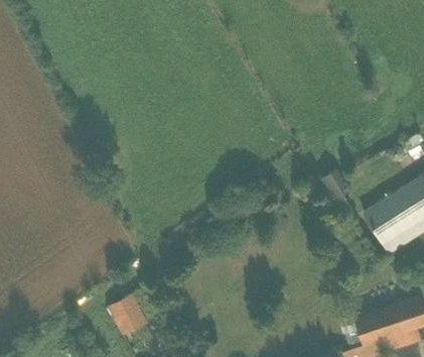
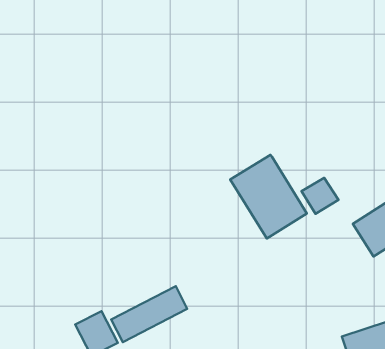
building: none -> [230,155,307,239]
building: none -> [111,286,187,342]

